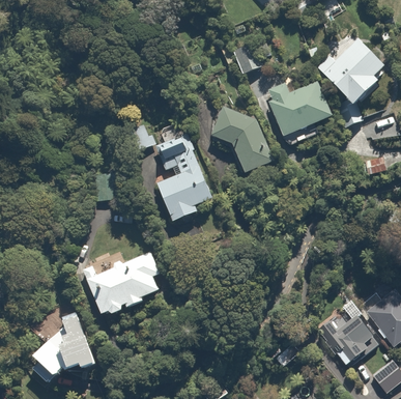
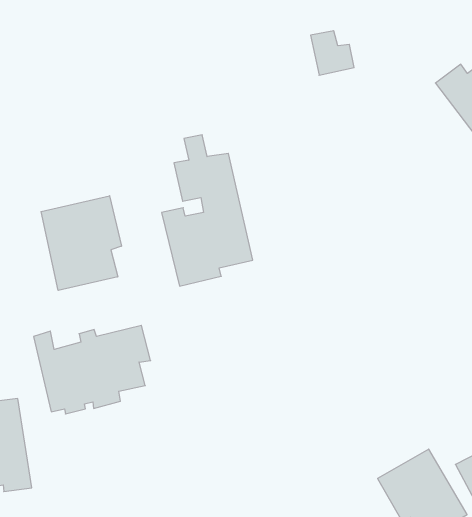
building: [267,78,333,137] -> none
building: [209,107,276,173] -> none
building: none -> [41,196,121,290]

